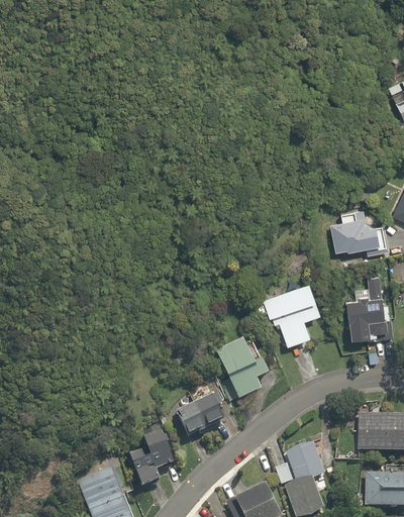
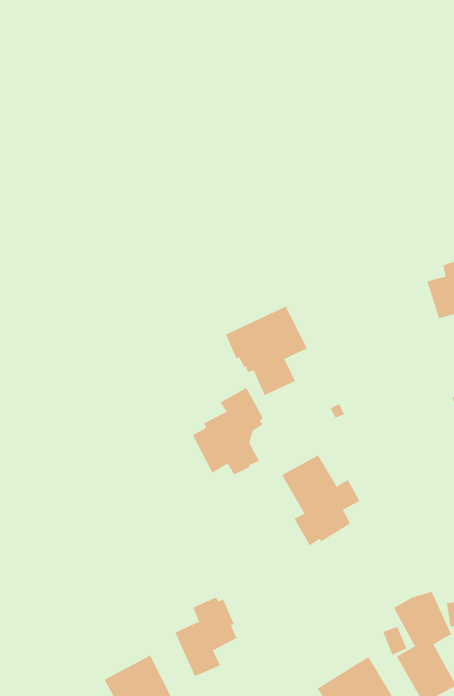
building: [264,284,320,345] -> [225,306,307,396]
building: none -> [192,387,264,475]
building: [177,393,224,437] -> none

